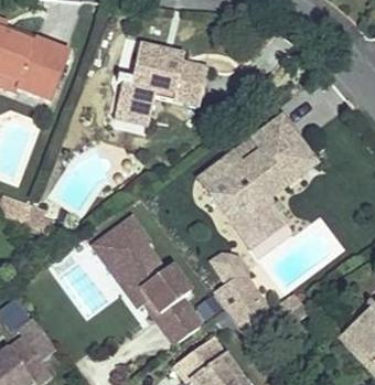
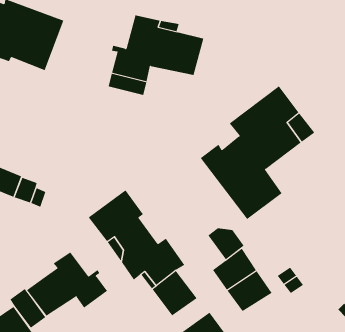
building: none -> [26,251,108,317]

